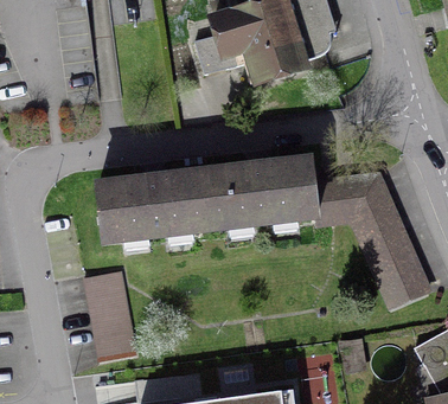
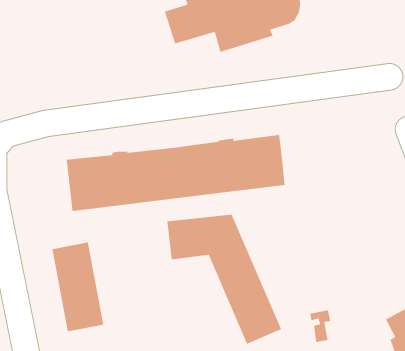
building: [313,174,428,304] -> [166,214,282,345]

